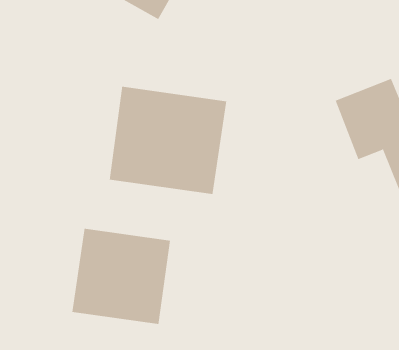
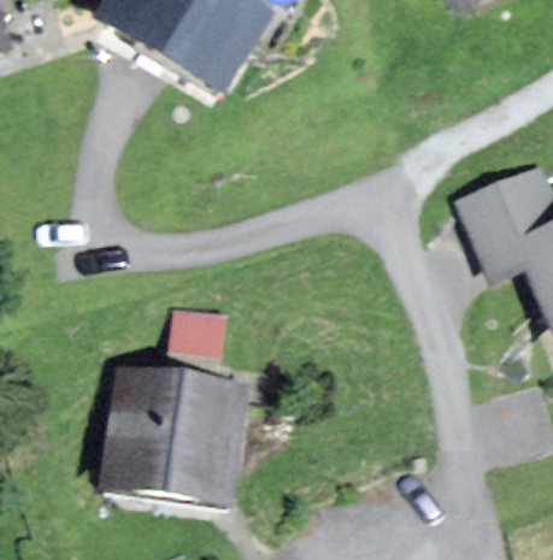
building: [109,86,227,195] -> none

